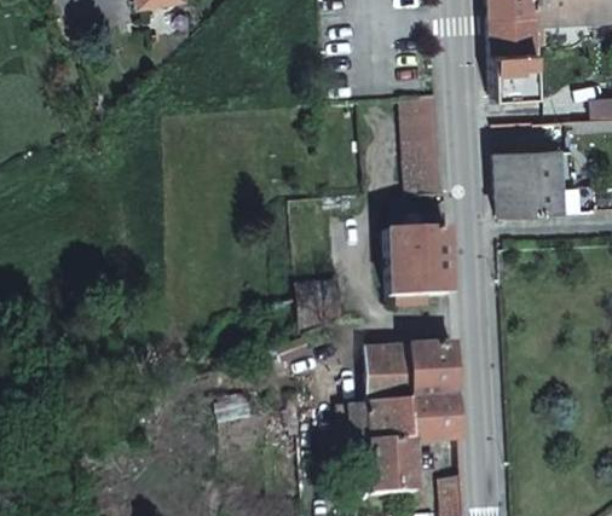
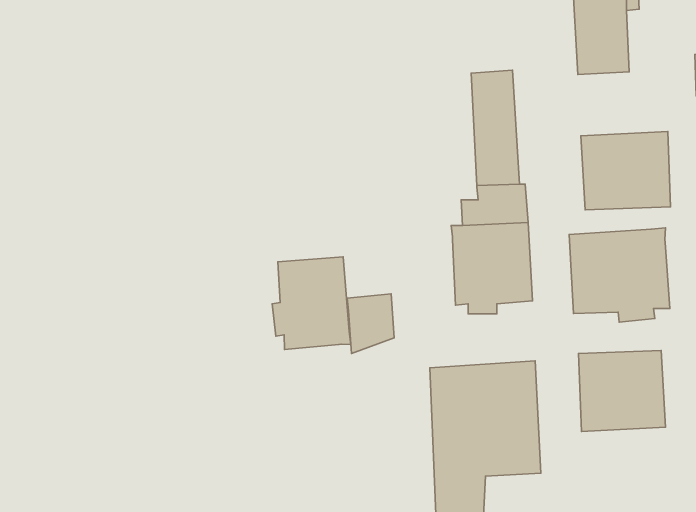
building: none -> [569,228,670,322]
building: none -> [272,257,351,349]
building: none -> [579,351,665,431]

